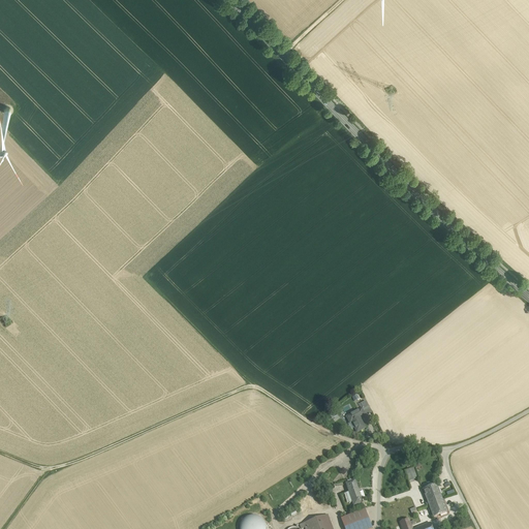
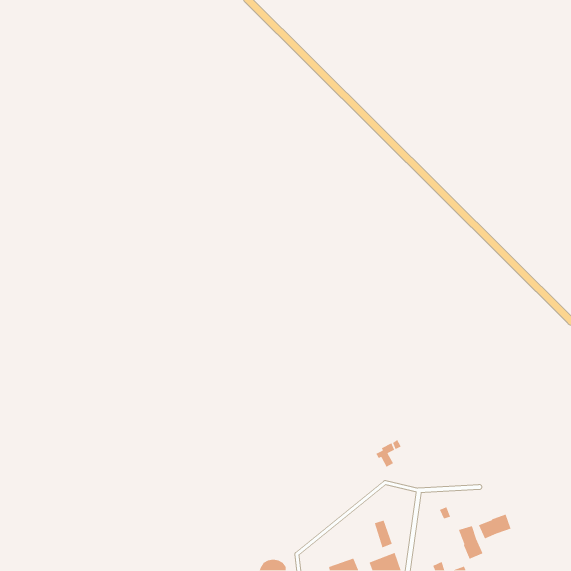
building: none -> [478,513,512,540]

